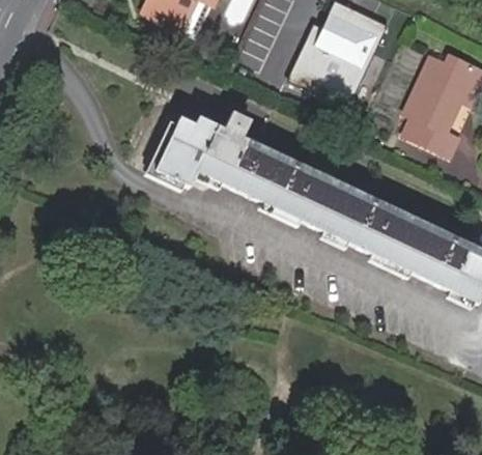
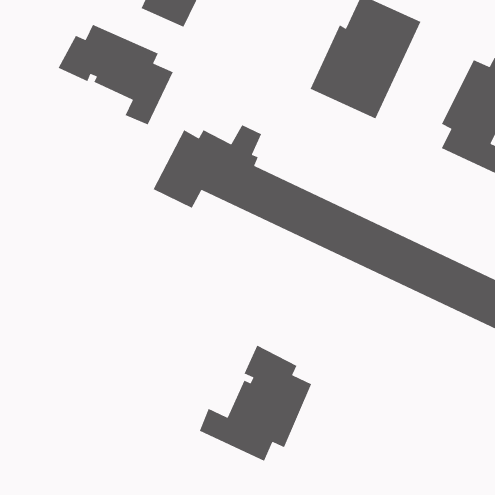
building: none -> [58,24,174,126]
building: none -> [199,344,312,462]

